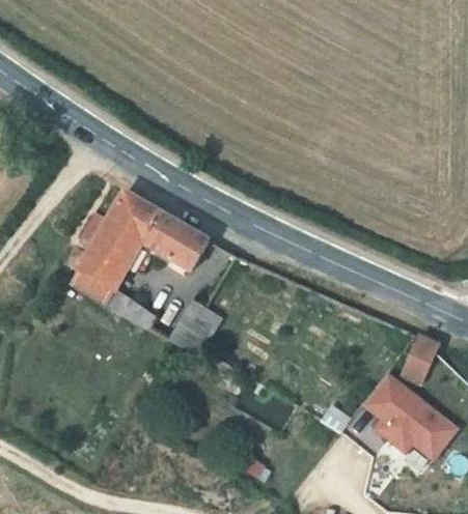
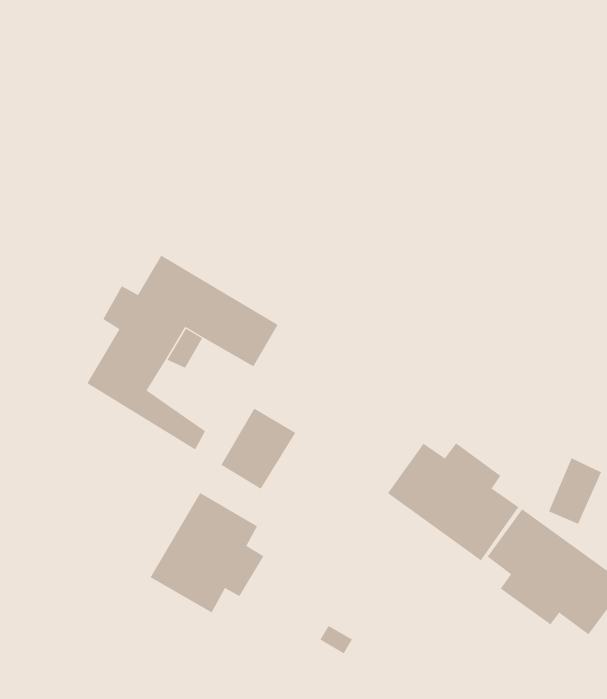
building: none -> [387,443,519,561]
building: none -> [150,492,264,613]

